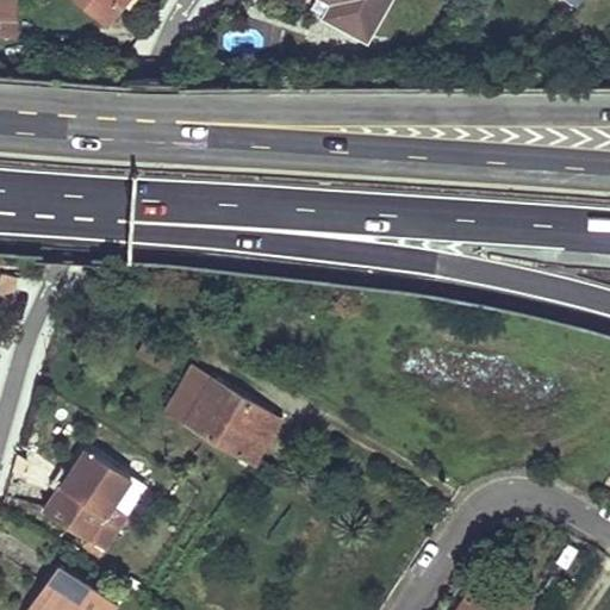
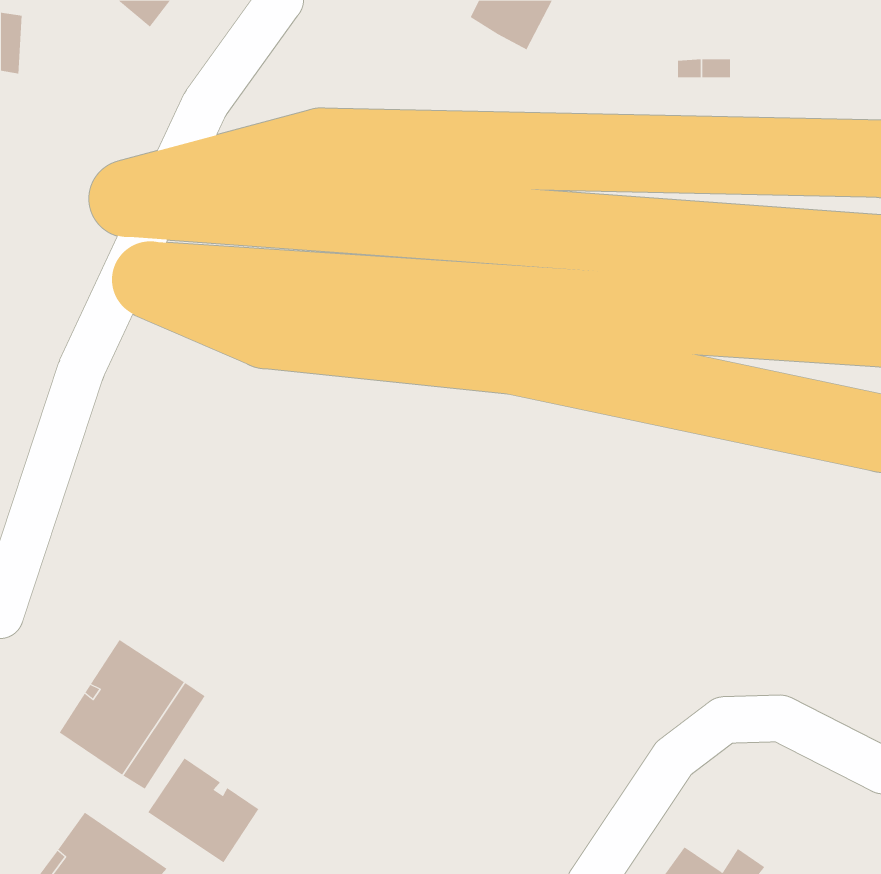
building: [168,369,279,465] -> none
building: none -> [148,758,259,863]

